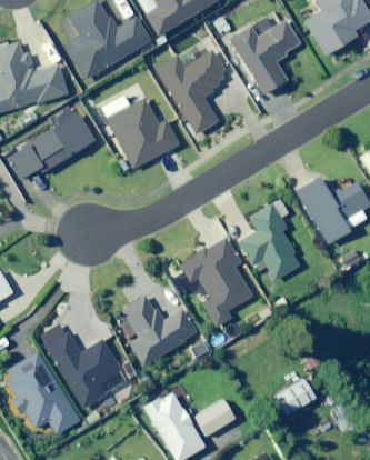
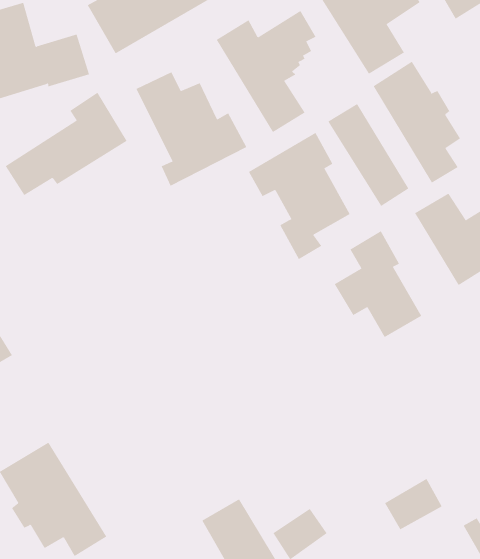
building: none -> [373,61,461,183]
building: none -> [327,103,409,207]
building: [181,237,253,327] -> [248,132,350,260]
building: [123,294,197,366] -> none
building: [47,333,129,408] -> none

